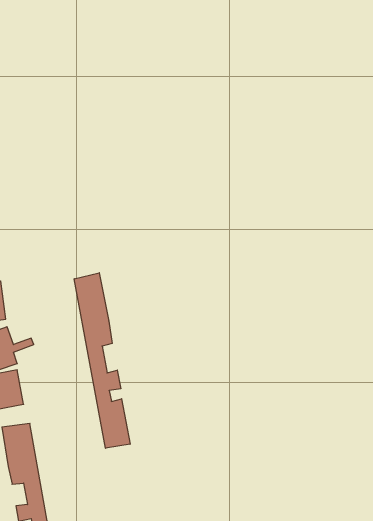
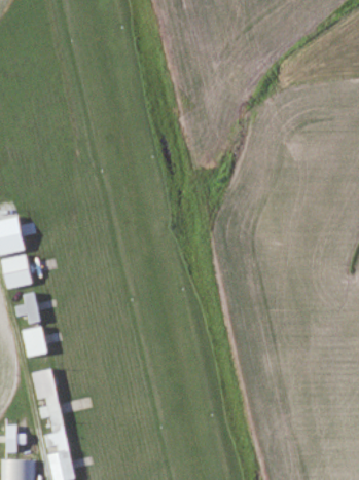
building: [74,273,130,448] -> none

